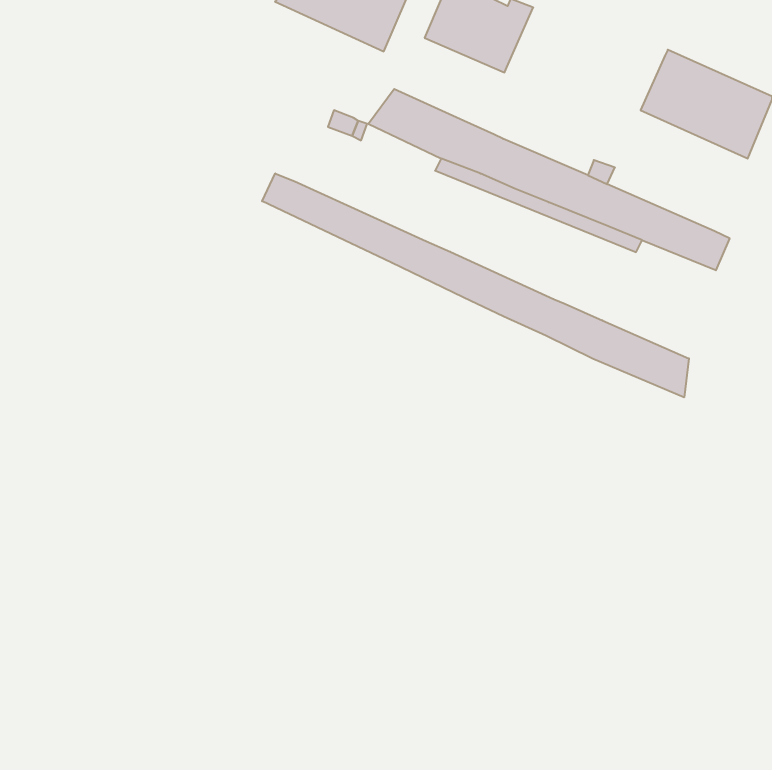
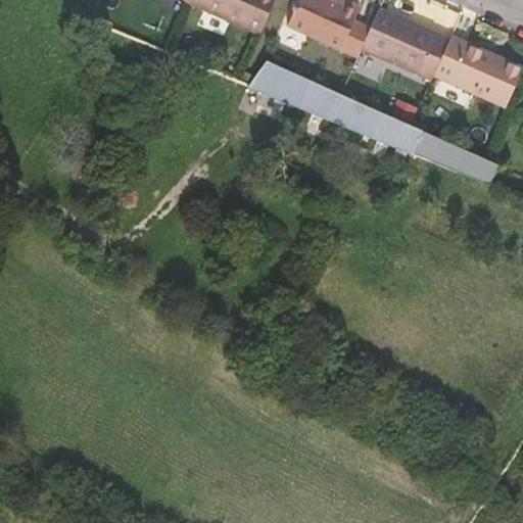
building: none -> [361,6,449,80]
building: [262,173,689,397] -> none

